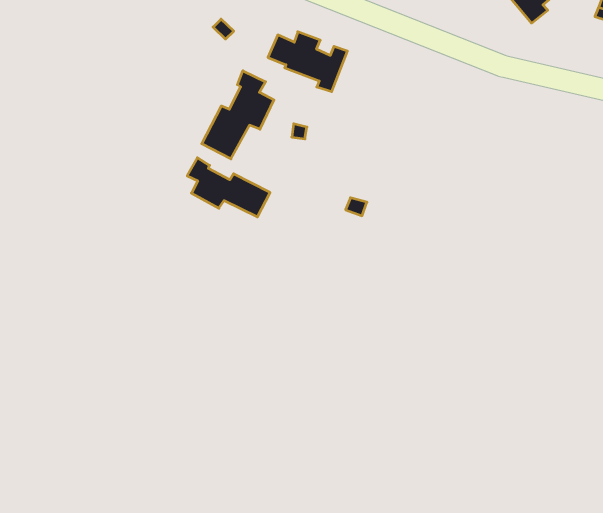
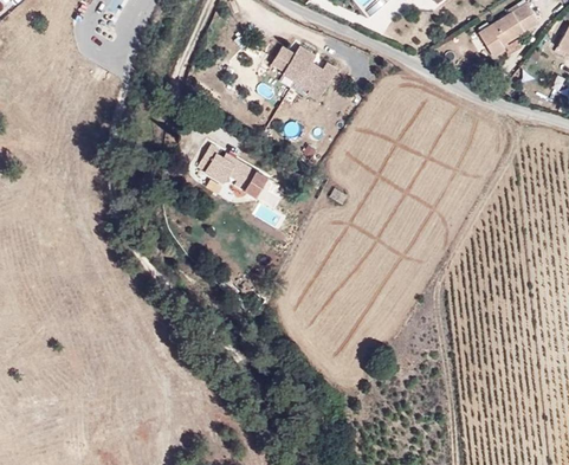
building: [202,71,274,159] -> none

